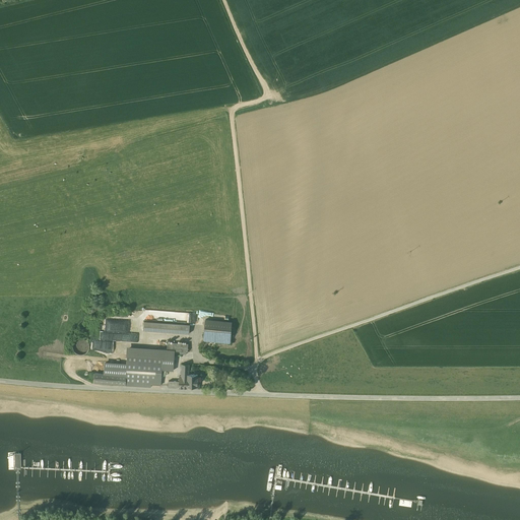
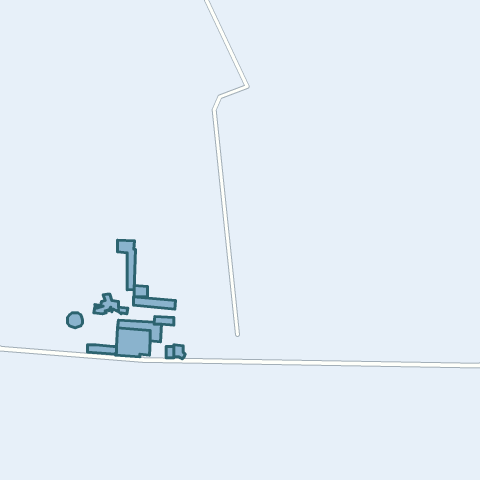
building: none -> [117,240,135,290]
building: [204,319,232,342] -> none

